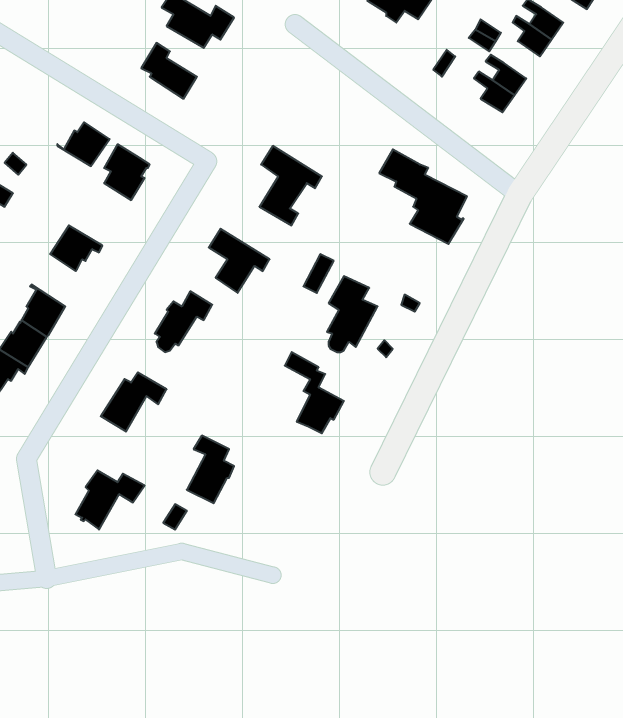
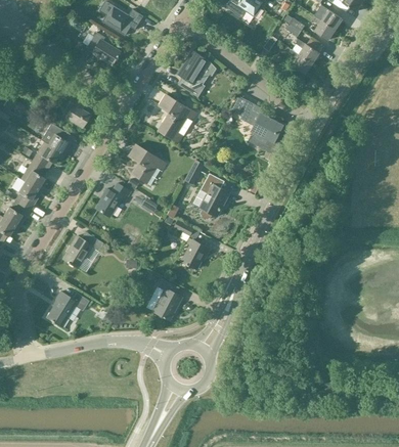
building: none -> [177,51,216,97]
building: [57,122,110,166] -> [43,128,75,154]
building: none -> [20,160,47,191]
building: [187,436,234,503] -> [152,278,181,319]

